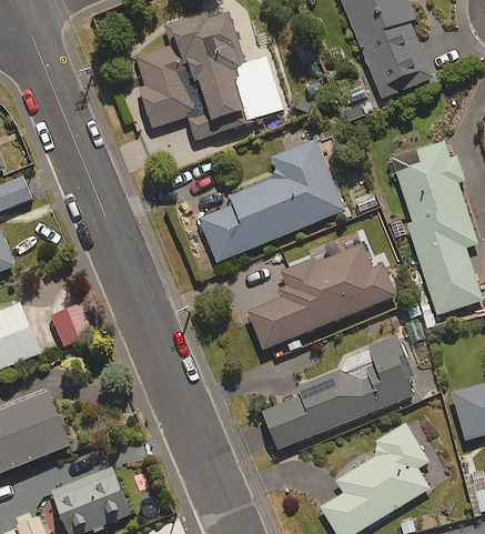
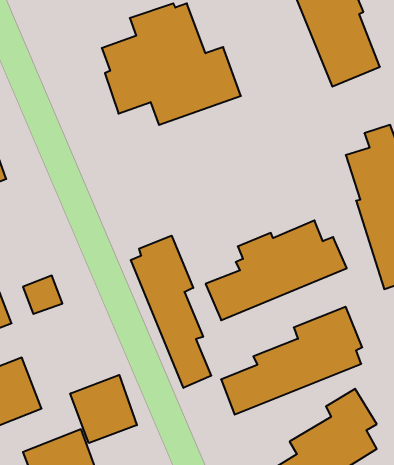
building: [198,138,343,261] -> none
building: none -> [131,236,211,388]
building: none -> [70,375,137,443]

